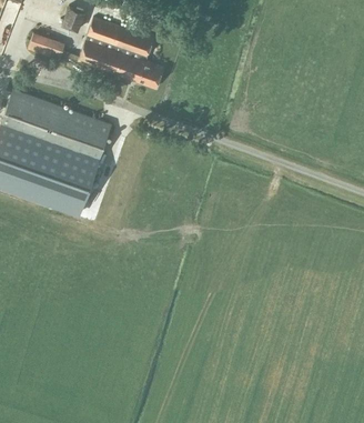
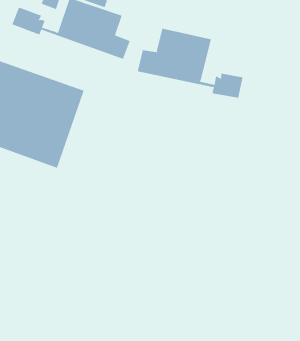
building: none -> [137,28,243,99]

